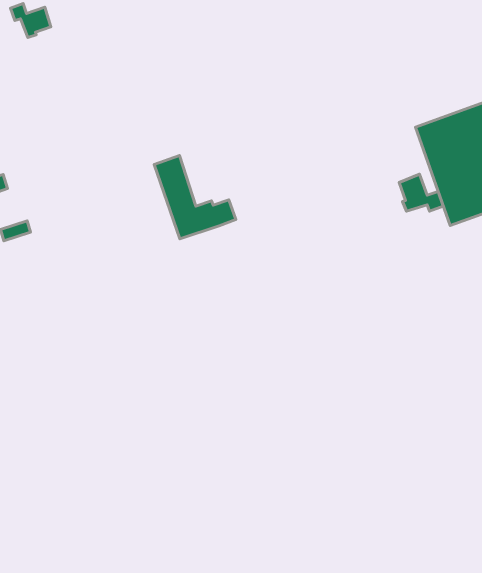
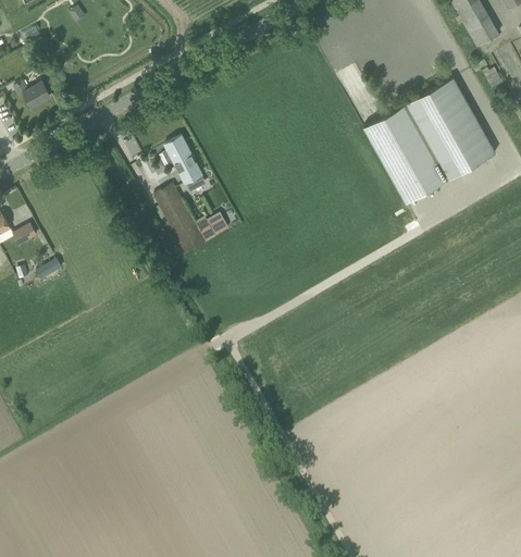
building: none -> [163,136,203,191]
building: [399,174,443,211] -> none

